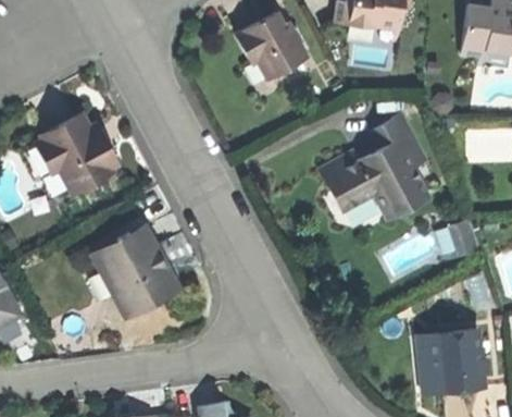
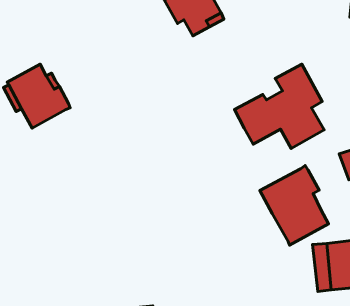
building: [98,229,176,317] -> none
building: none -> [260,166,329,245]

